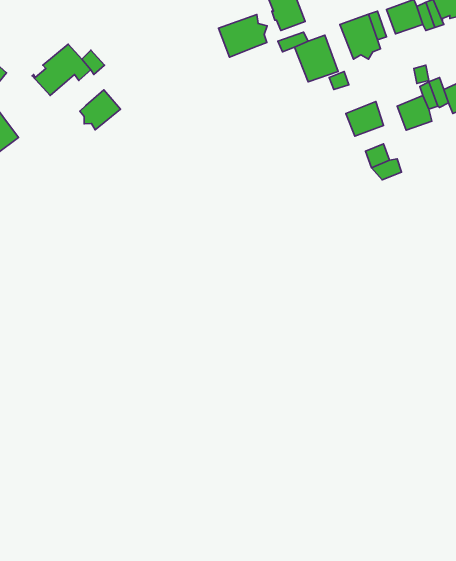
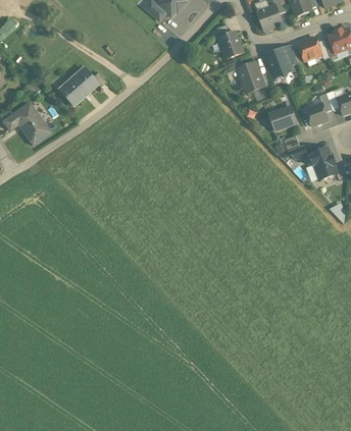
building: [219,15,267,57] -> none
building: [80,90,120,130] -> none
building: none -> [306,147,337,178]

